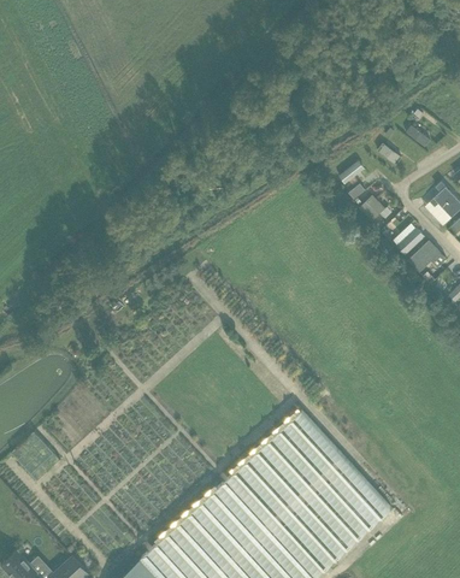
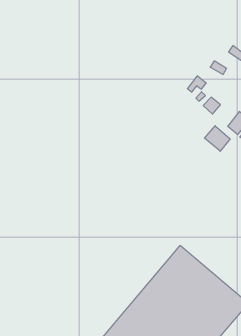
building: none -> [204,126,230,151]

